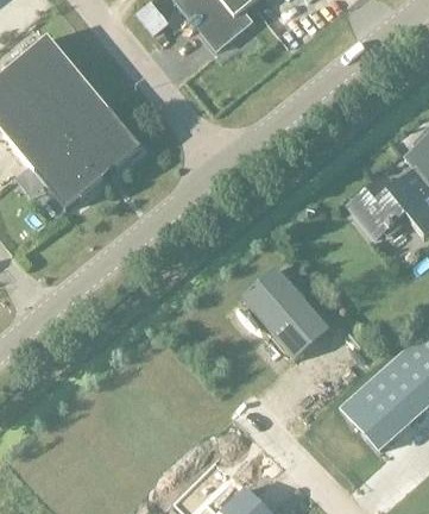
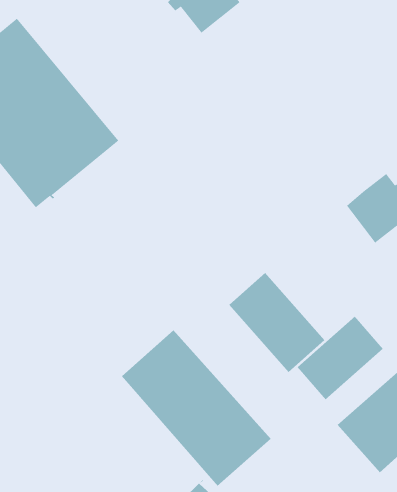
building: none -> [297,316,384,400]
building: none -> [121,330,272,486]

